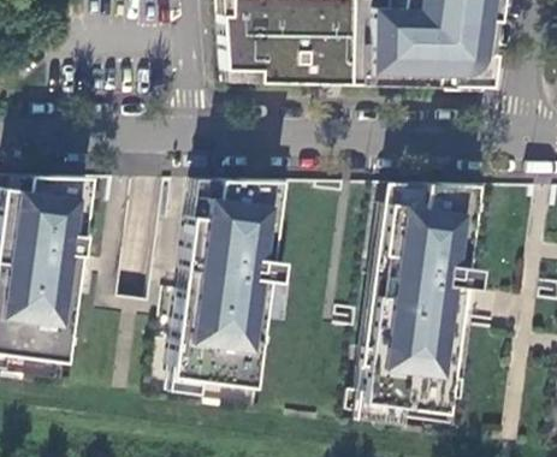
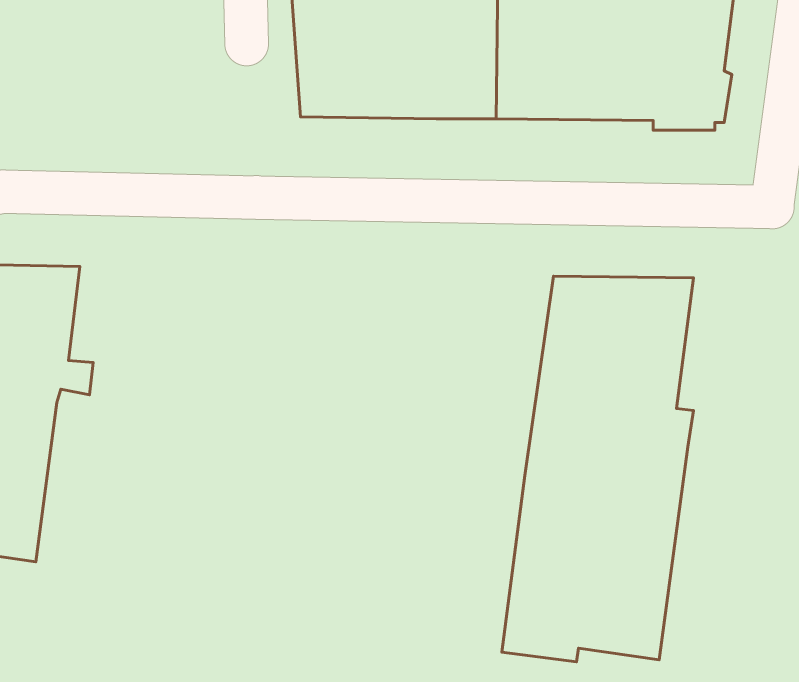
building: [168,178,279,385] -> none

